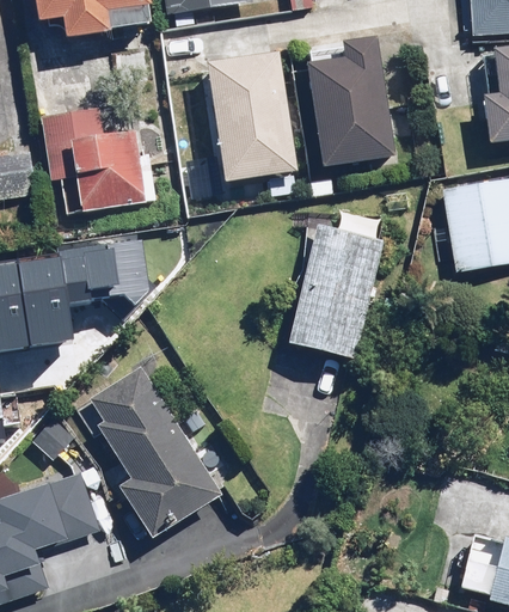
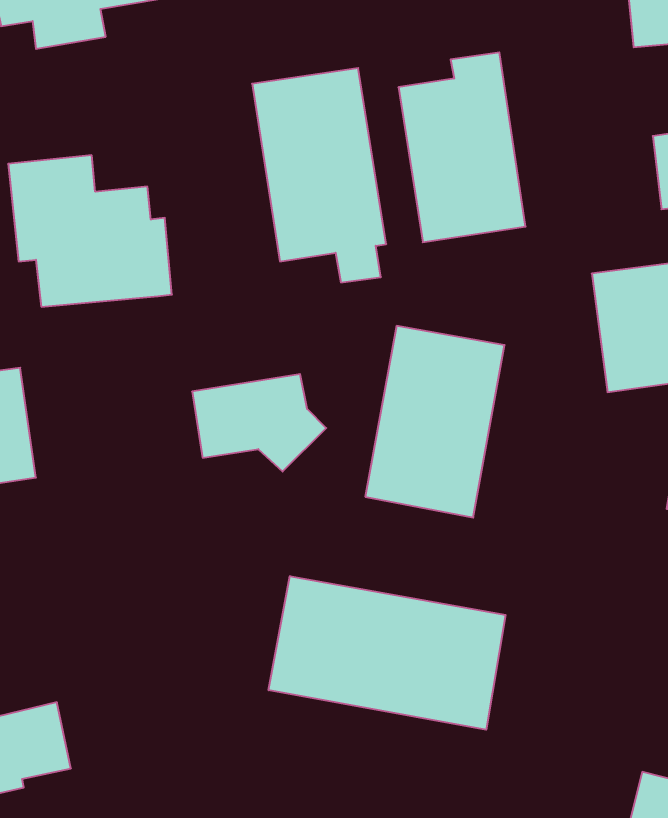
building: [60,245,152,312] -> [192,374,326,472]
building: [68,363,225,538] -> none
building: none -> [269,576,506,730]

